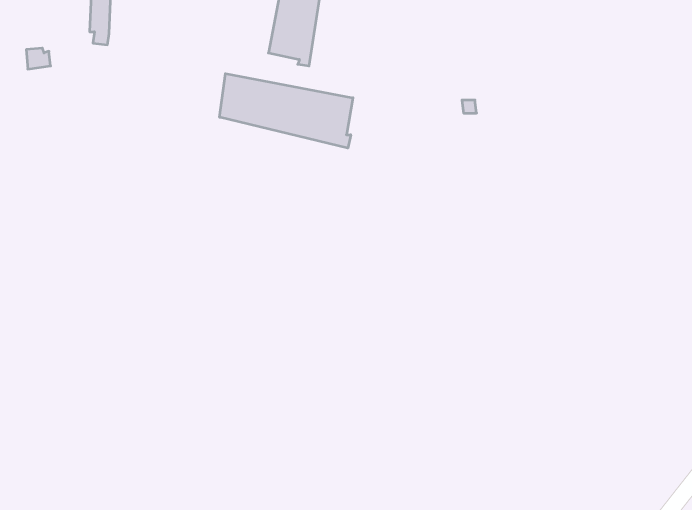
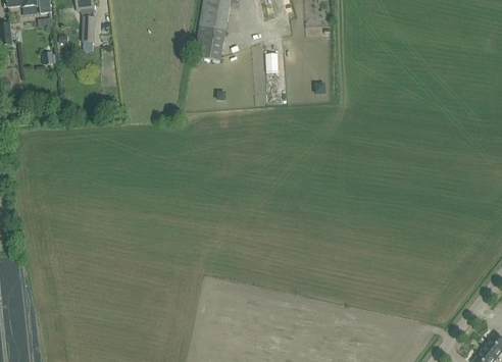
building: [220,74,353,148] -> none

